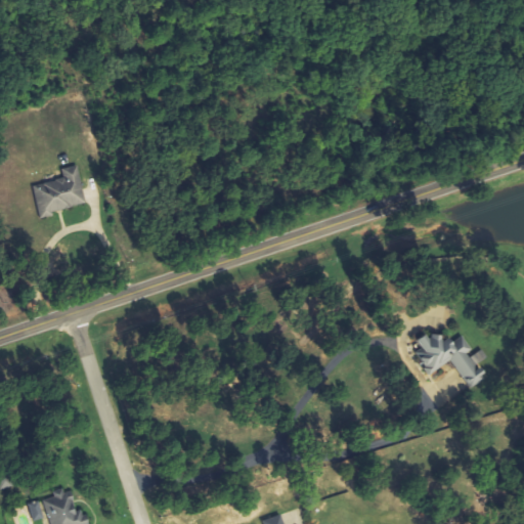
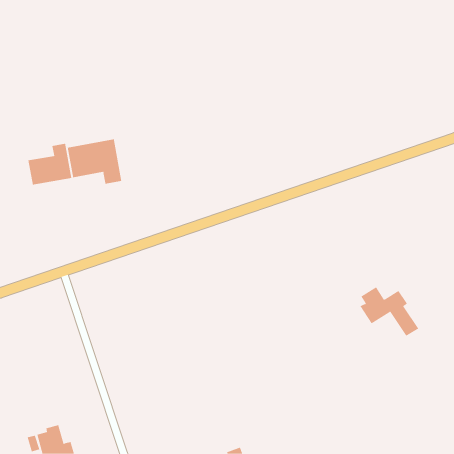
building: none -> [67,139,122,185]

